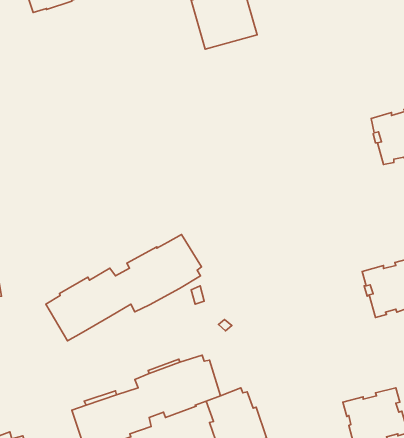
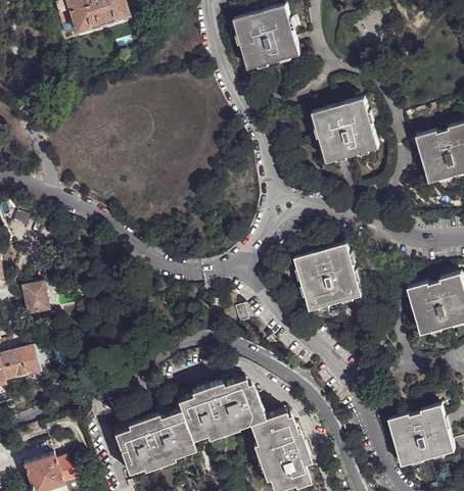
building: none -> [314,98,379,162]
building: none -> [295,244,363,311]
building: [46,234,202,341] -> none

